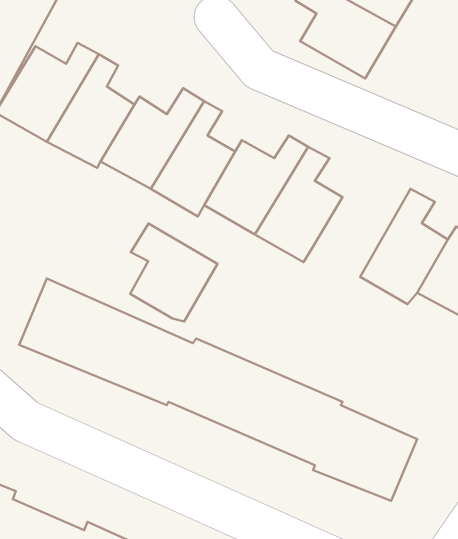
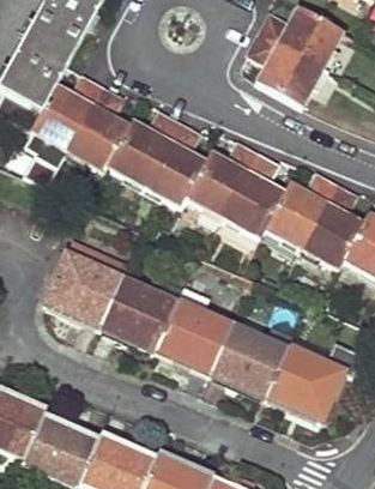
building: none -> [264,179,337,250]
building: [130,223,217,321] -> none

